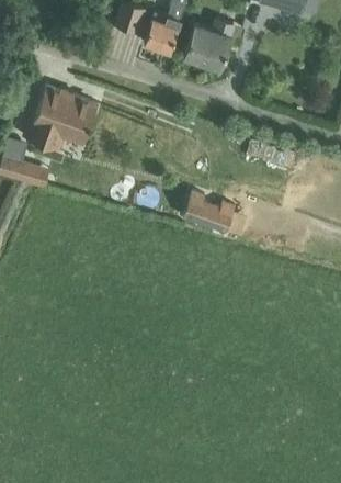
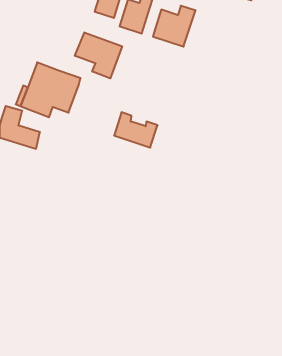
building: none -> [75,32,122,78]
building: [184,190,236,232] -> [114,112,158,148]

